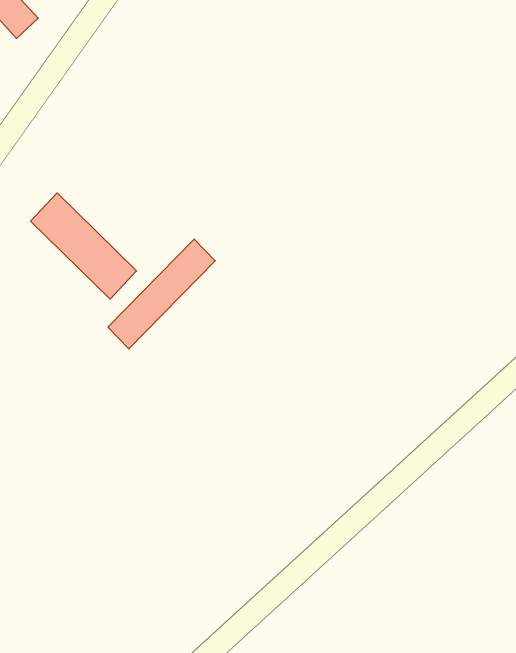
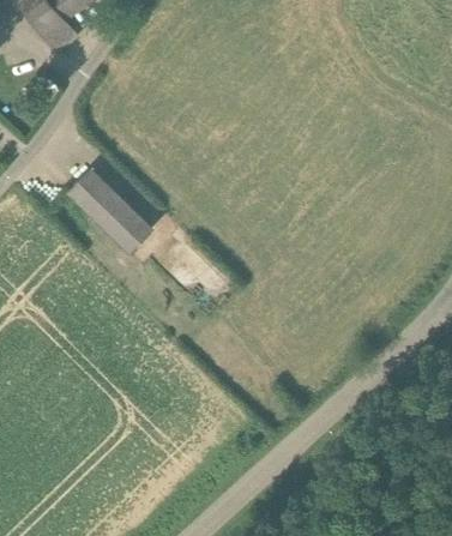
building: [108,239,215,349] -> none

